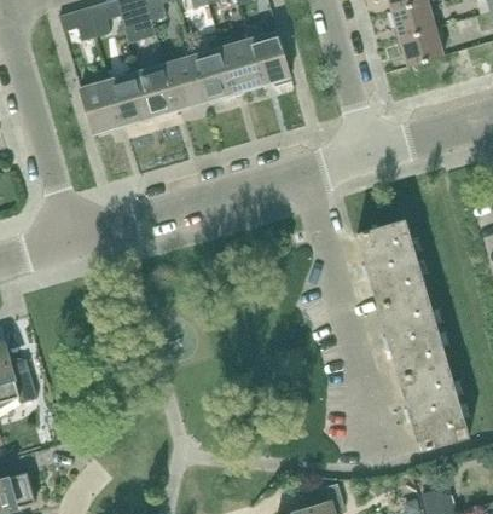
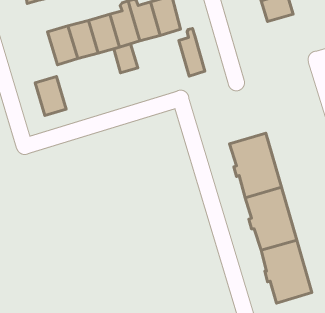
building: none -> [179,29,205,76]
building: [80,81,122,134] -> [35,76,66,115]
building: none -> [114,44,138,73]

